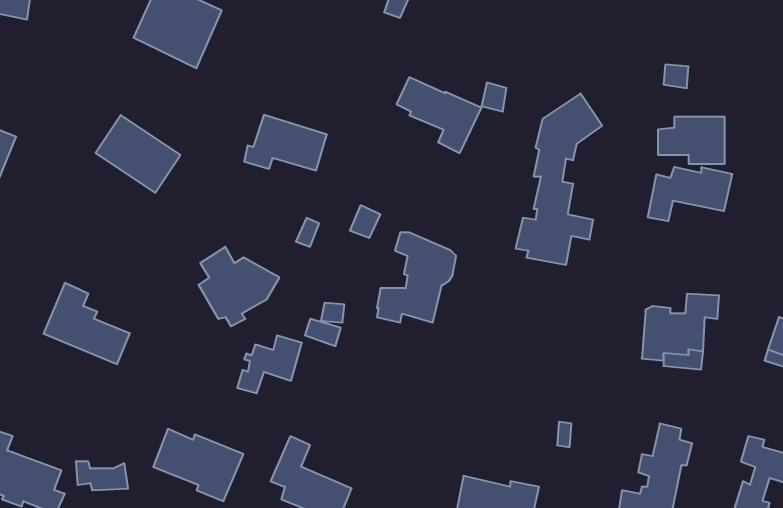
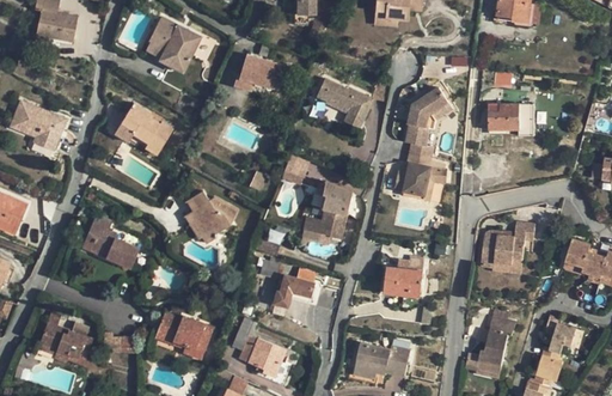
building: [244,115,327,171] -> [234,55,289,92]
building: [648,167,732,221] -> none
building: [237,336,302,393] -> [274,269,317,307]
building: none -> [385,258,424,298]

